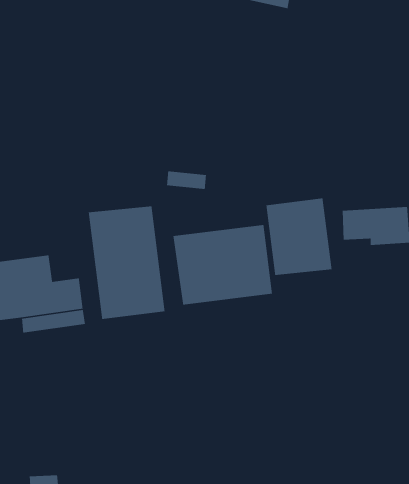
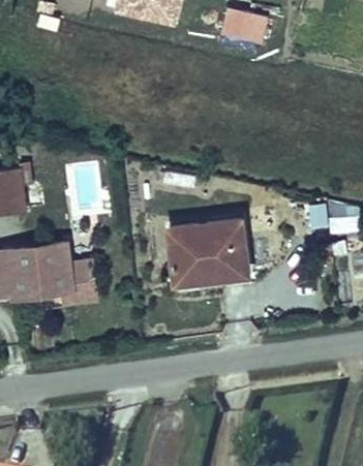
building: [266,198,332,276] -> none
building: [88,205,166,320] -> none

